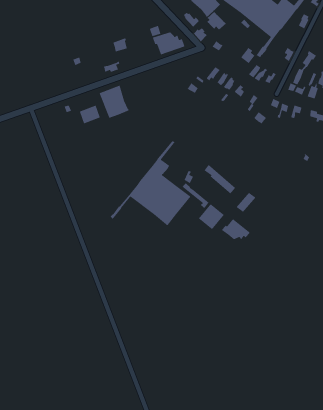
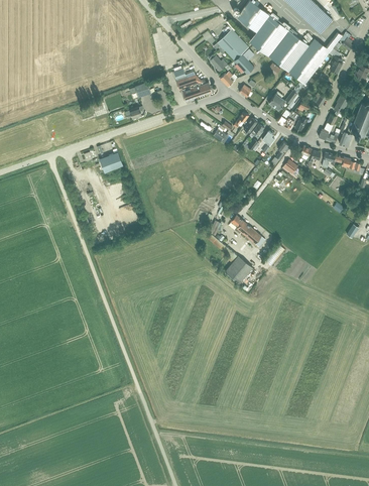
building: [99,84,130,119] -> none
building: [110,140,192,226] -> none
building: [221,218,251,240] -> none

